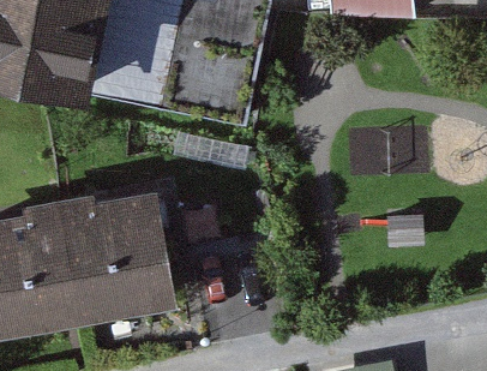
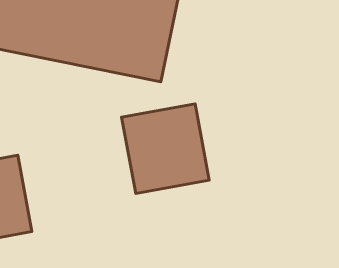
building: [58,195,169,309] -> [122,104,209,193]

